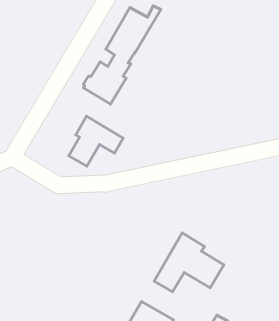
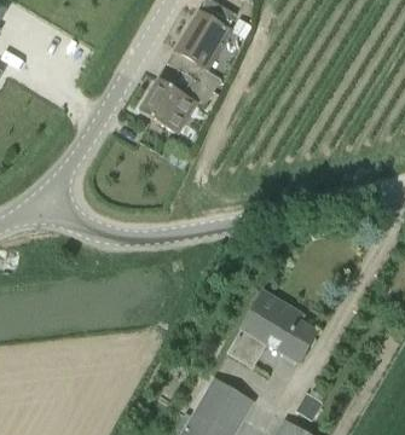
building: [69,116,123,166] -> none

